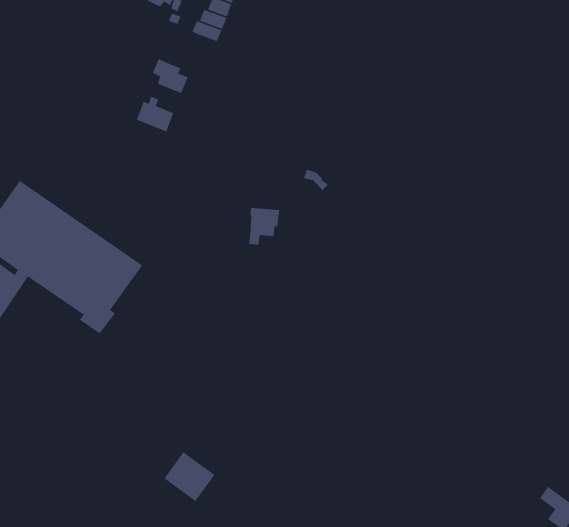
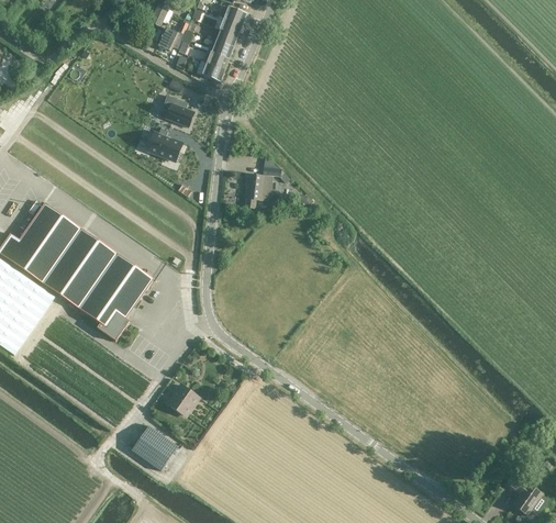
building: [248,207,280,246] -> [243,174,271,208]
building: none -> [170,383,198,416]
building: [163,451,215,502] -> [131,425,177,470]

